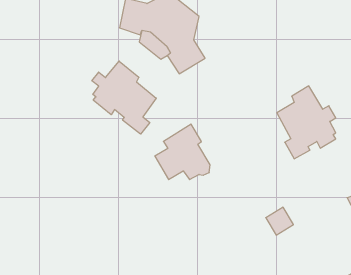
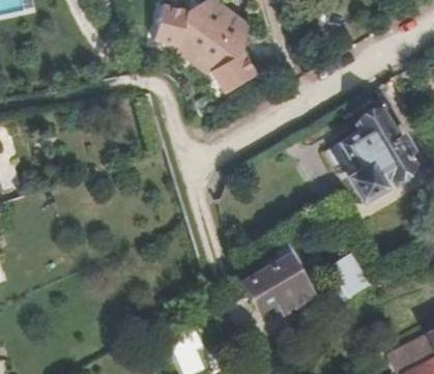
building: [92,61,156,134] -> none
building: [155,124,210,180] -> [249,242,315,309]

